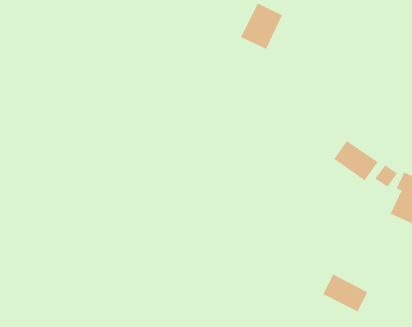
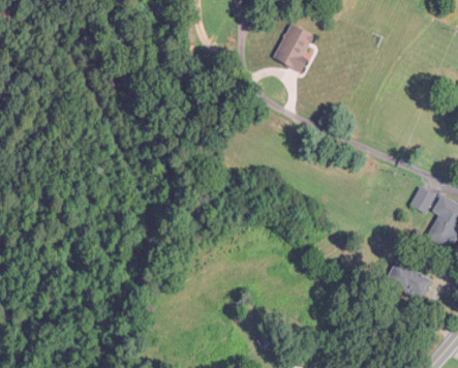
building: [334,140,378,181] -> none
building: [323,274,368,312] -> [386,262,432,301]

